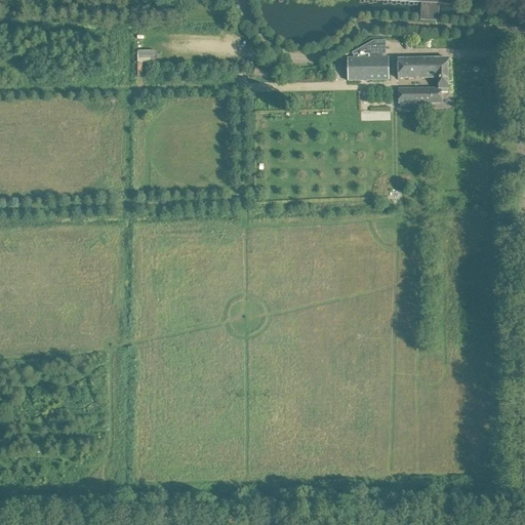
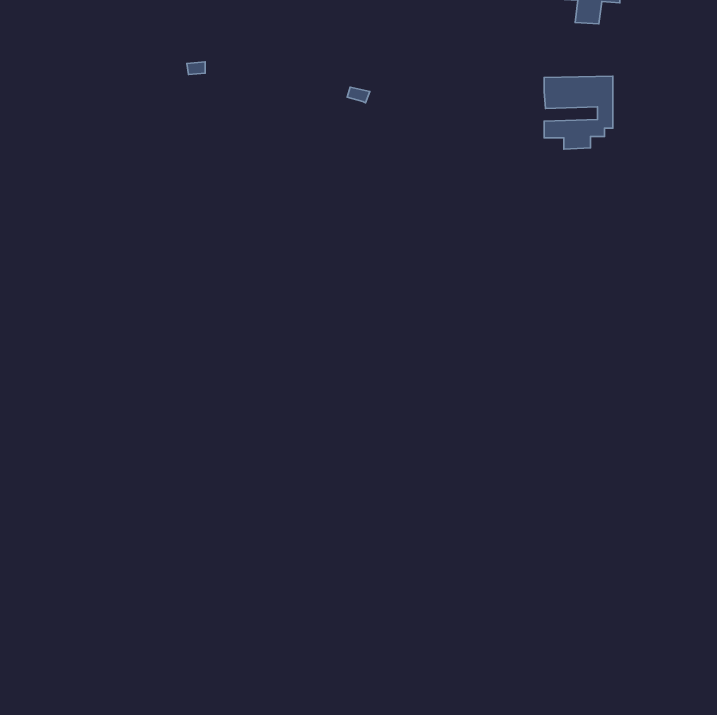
building: [347,38,389,78] -> none

